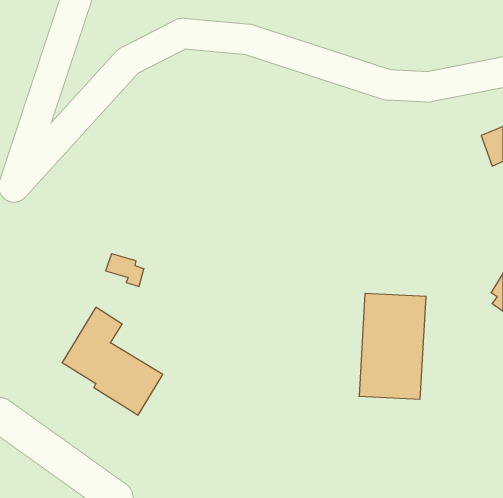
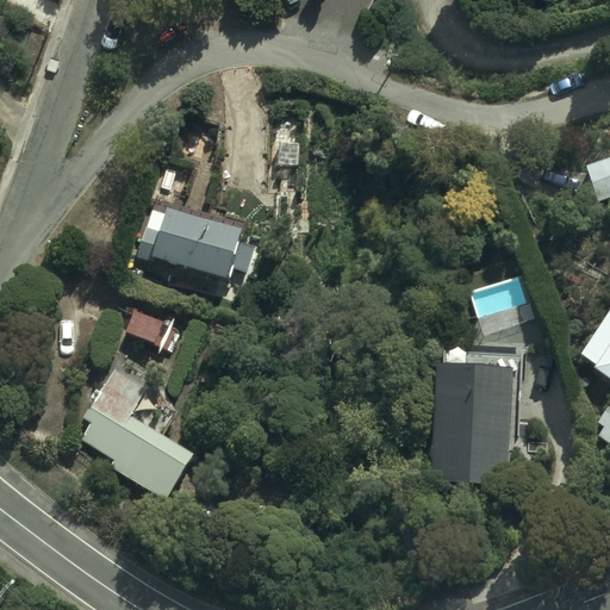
building: none -> [133,208,238,281]

